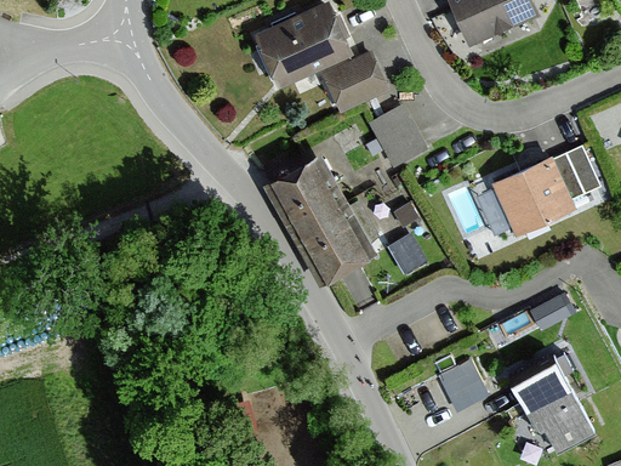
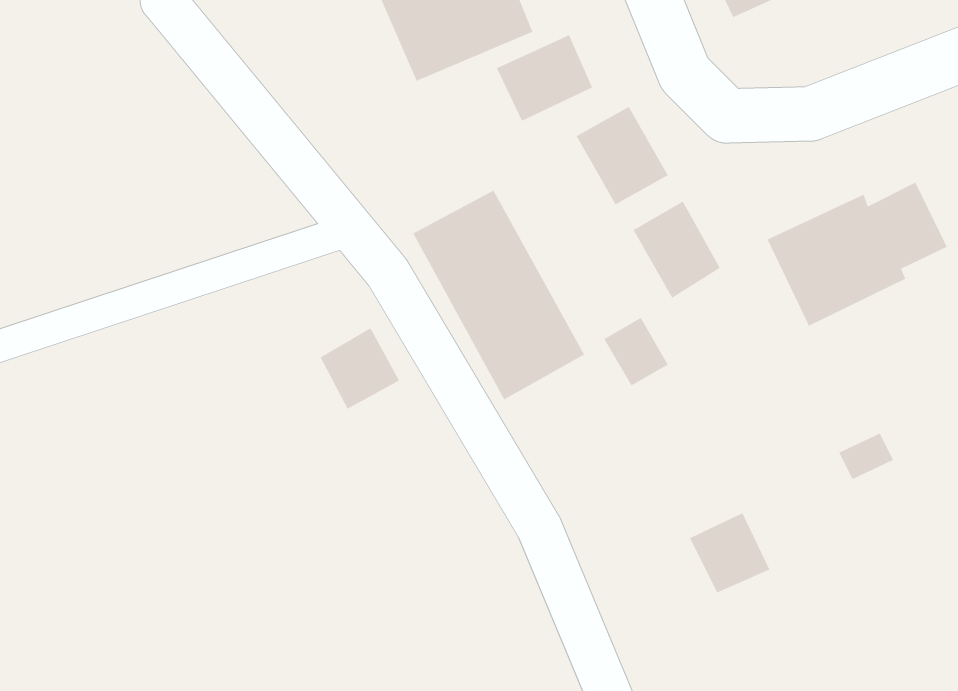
building: none -> [633,201,721,299]
building: none -> [319,327,400,410]
building: [513,357,597,450] -> none

